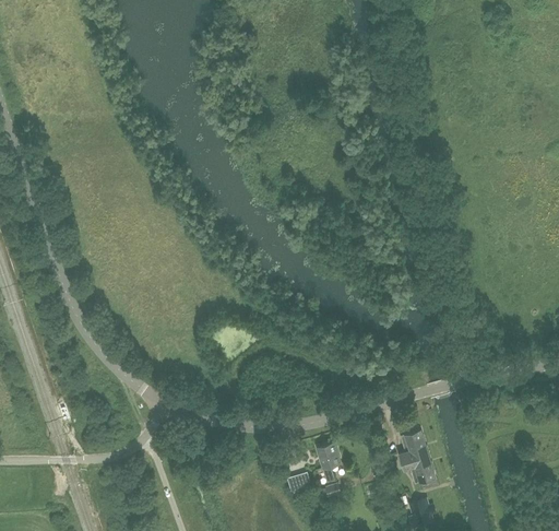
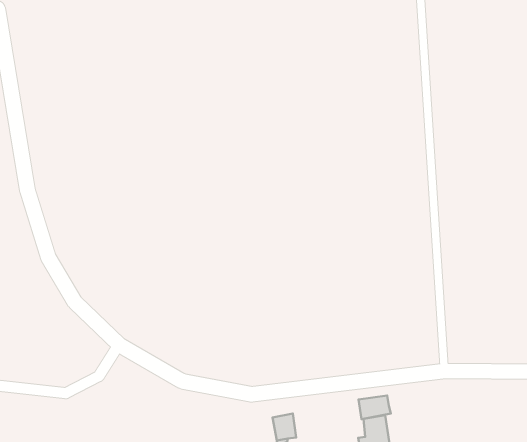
building: none -> [358,395,391,419]

